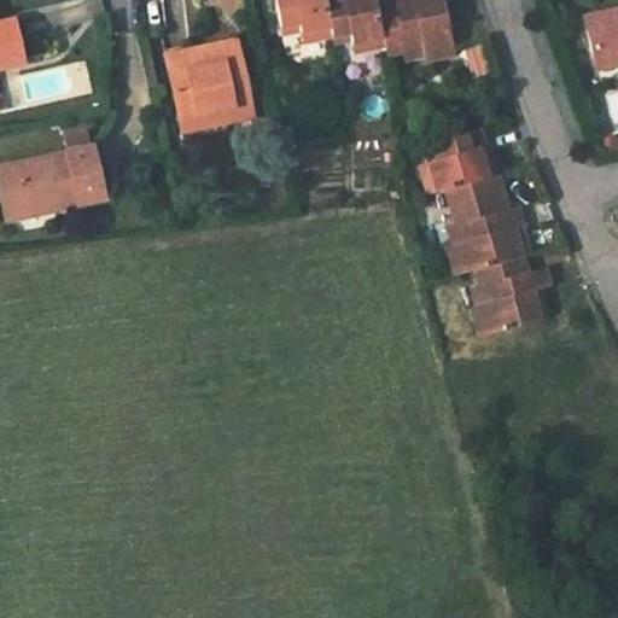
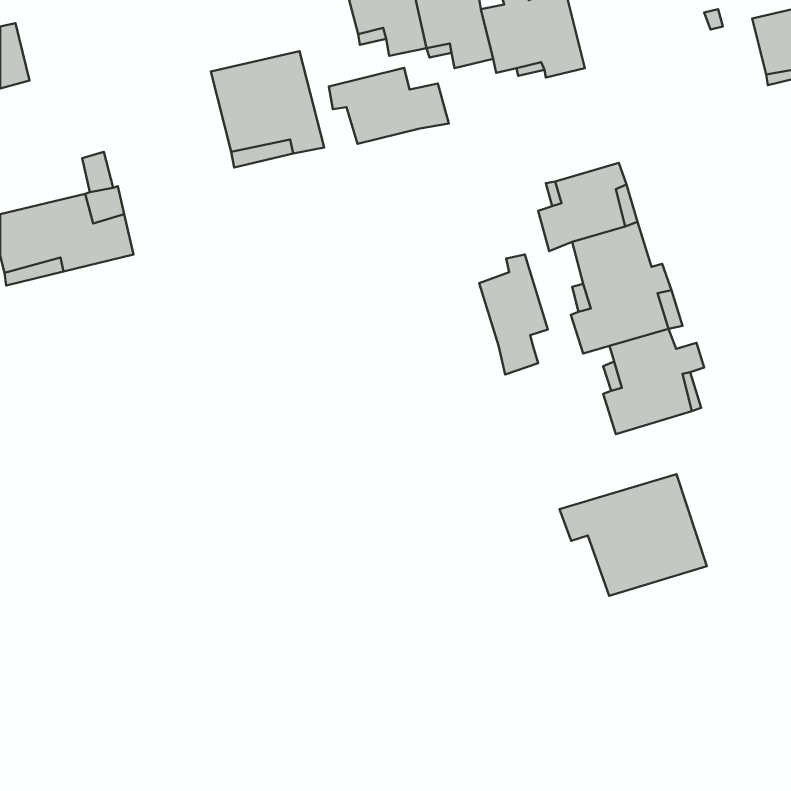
building: none -> [329,68,449,144]
building: none -> [479,254,548,374]
building: none -> [559,474,707,596]

